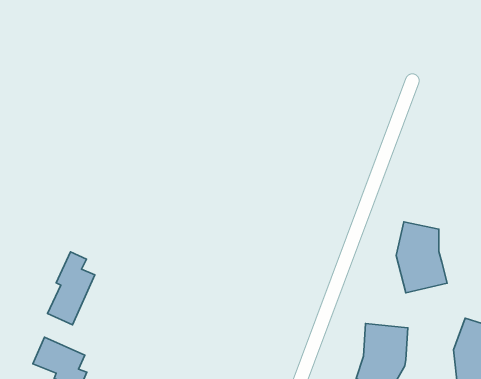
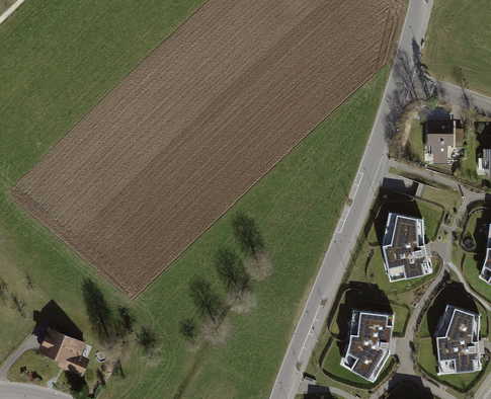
building: none -> [428,119,453,164]
building: [47,252,95,325] -> none

